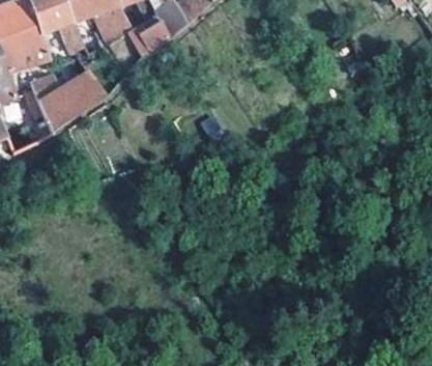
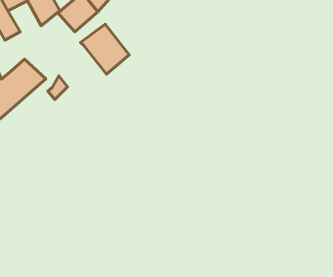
building: none -> [80,24,129,74]

